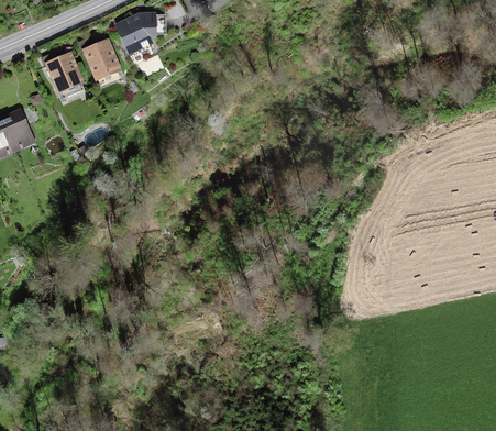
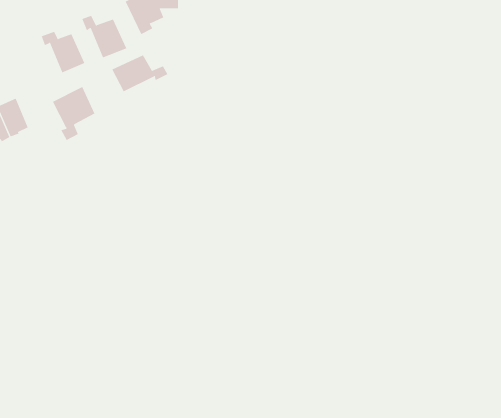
building: none -> [111,54,168,92]
building: none -> [52,86,95,141]

